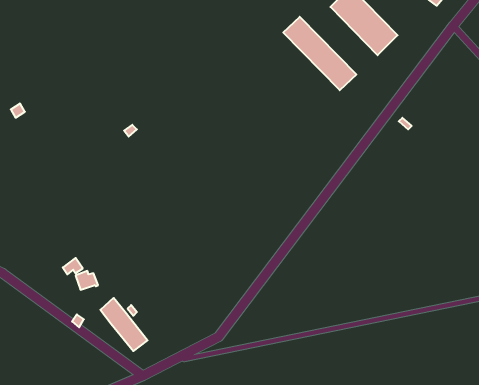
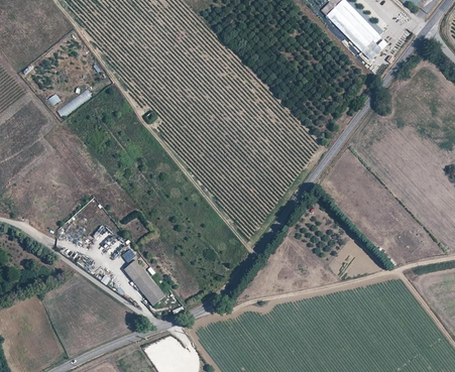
building: [283,17,356,90] -> none

